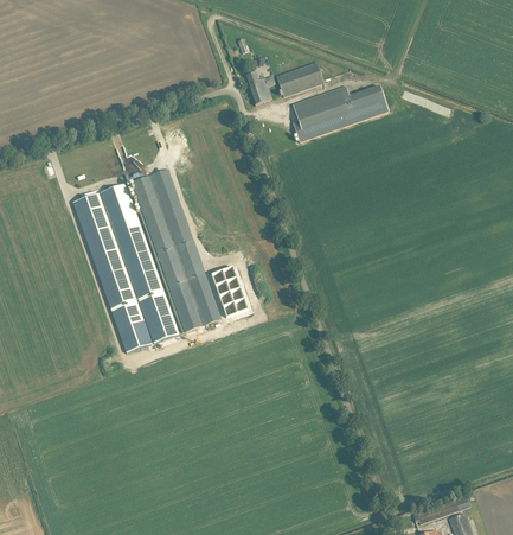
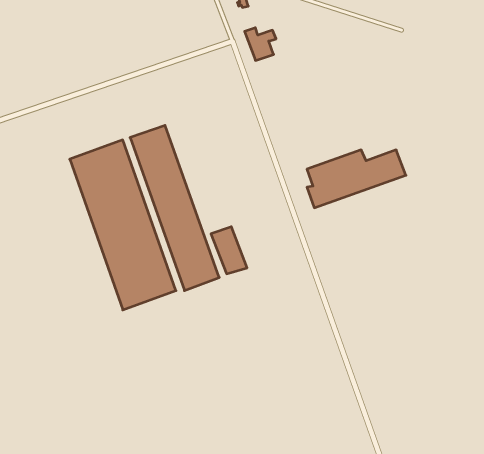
building: [276,60,323,96] -> none
building: [291,85,389,142] -> [307,150,406,208]

